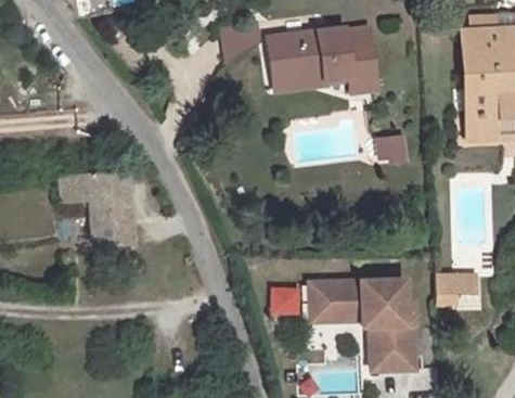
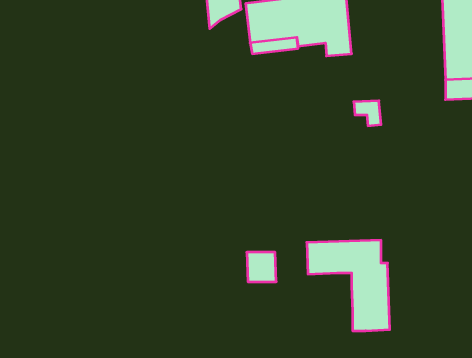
building: [61,171,132,247] -> none
building: [439,271,484,308] -> none
building: [310,278,377,367] -> none

